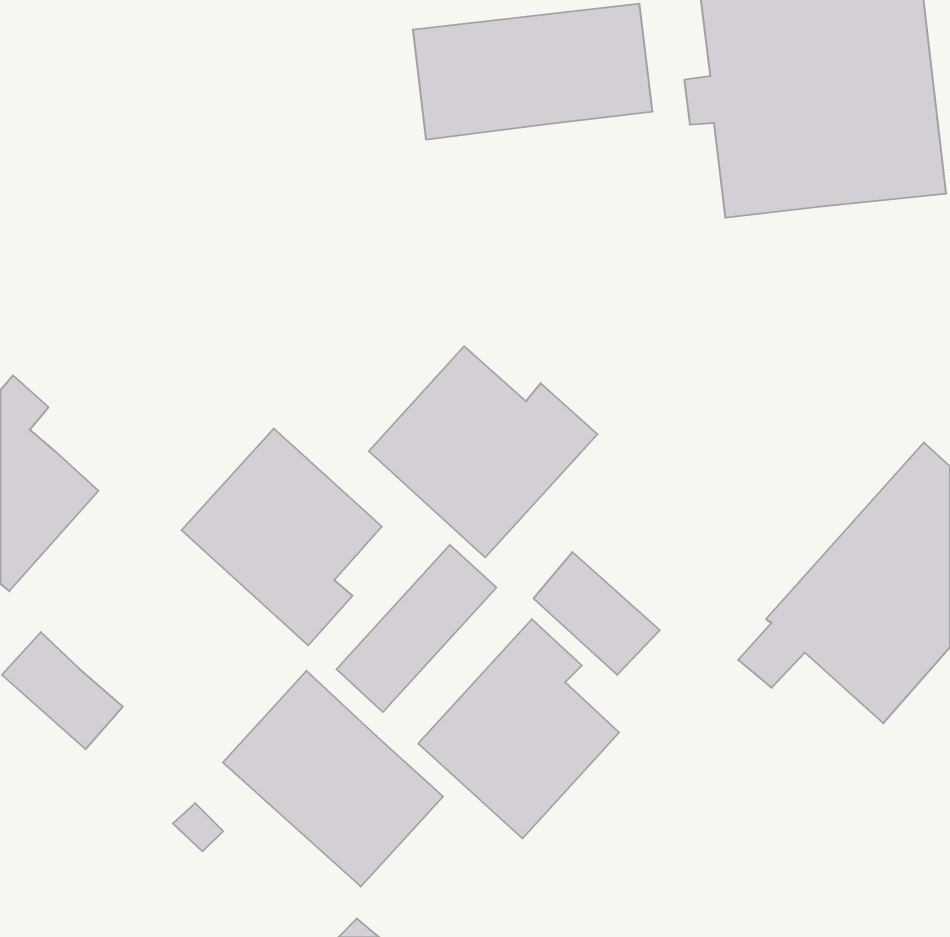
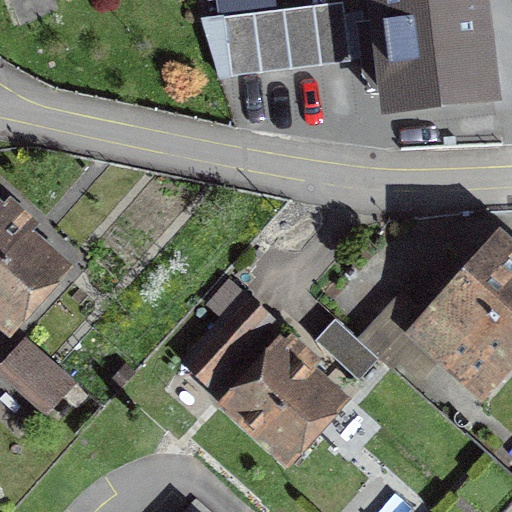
building: [369,346,598,557] -> none
building: [181,428,382,645] -> none
building: [223,671,443,887] -> none

